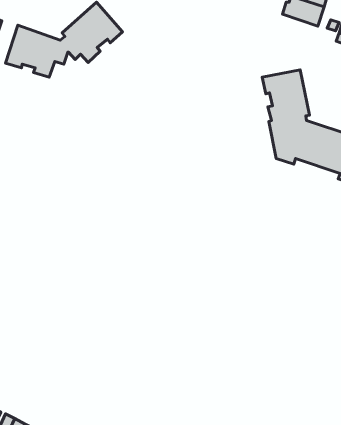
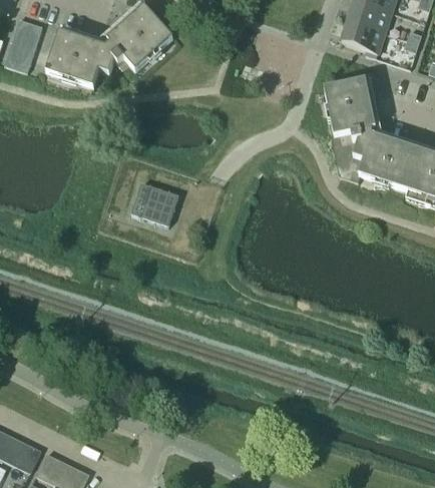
building: none -> [342,17,385,51]
building: none -> [131,180,179,223]

